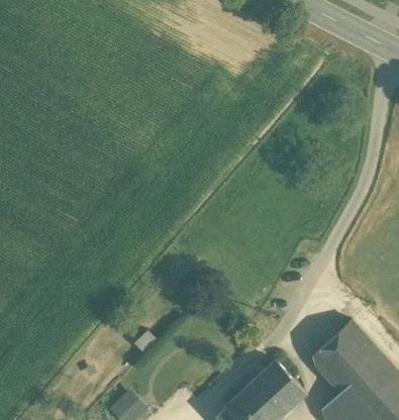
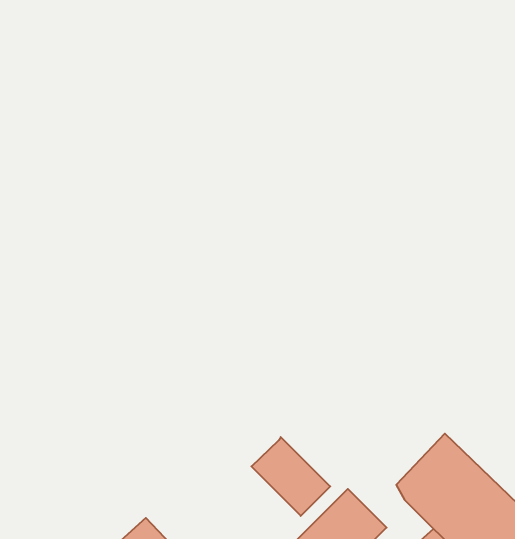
building: none -> [251,437,330,516]

